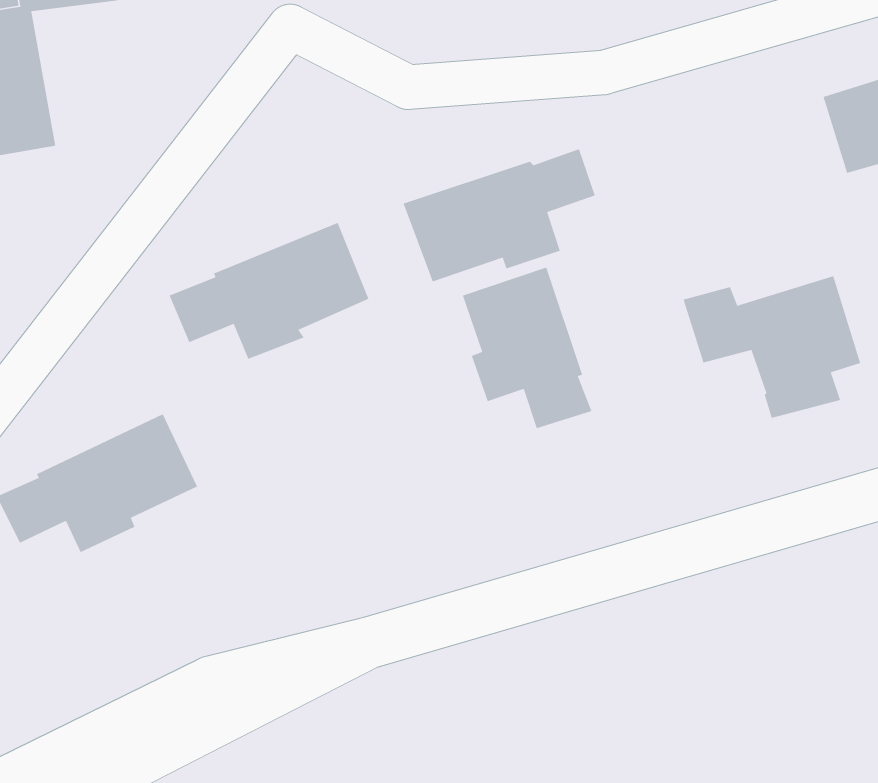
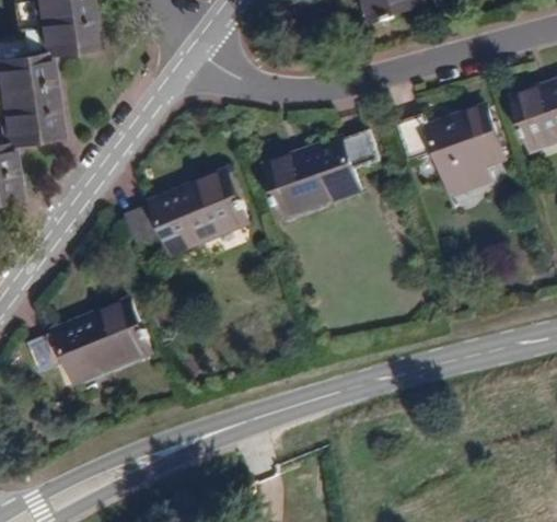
building: [462,267,592,429] -> none
building: [683,275,861,419] -> [401,109,507,195]

